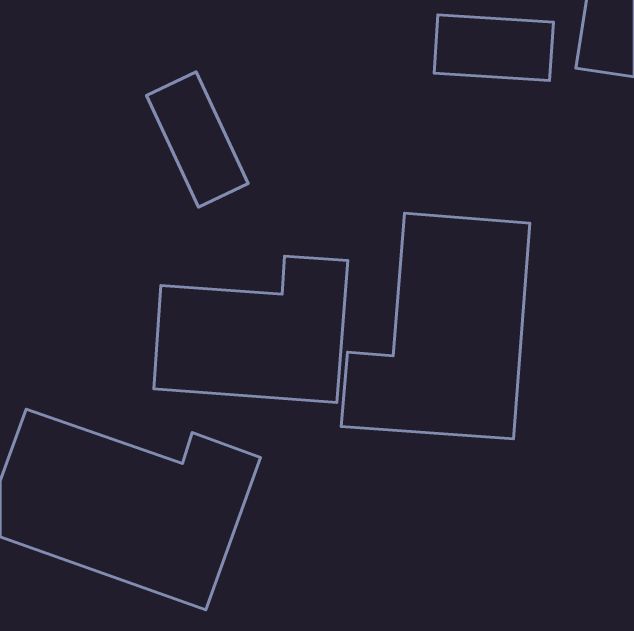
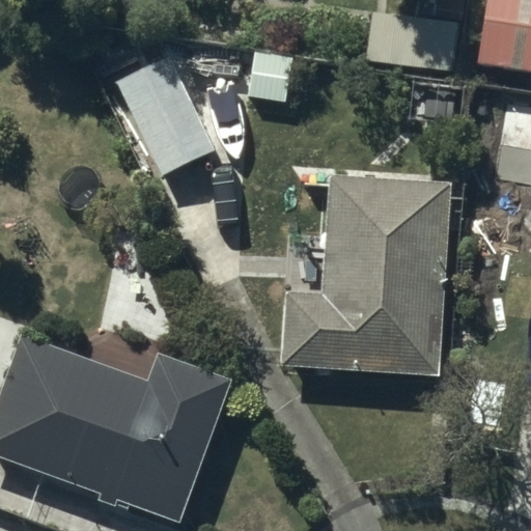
building: [154,256,348,403] -> none

